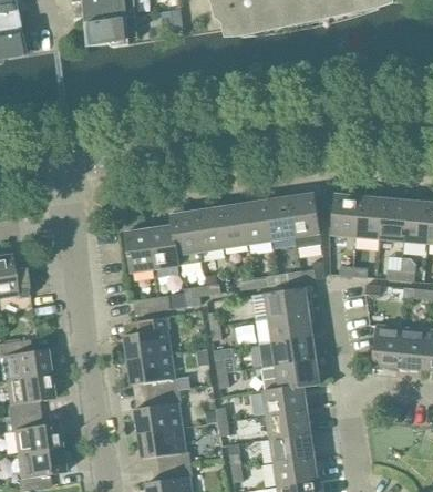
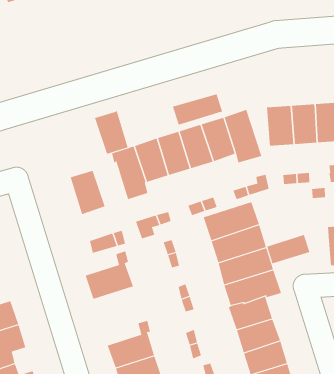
building: none -> [172,93,223,126]
building: [148,225,178,268] -> [94,110,129,154]
building: none -> [266,234,310,264]
building: [127,353,179,391] -> none

